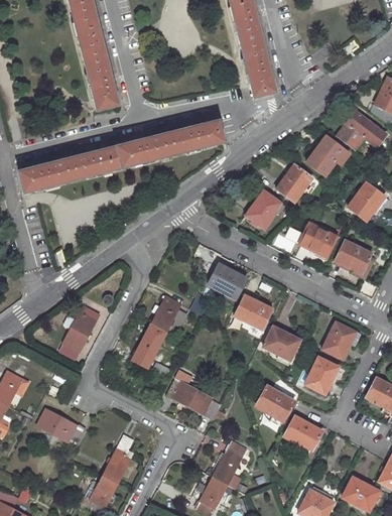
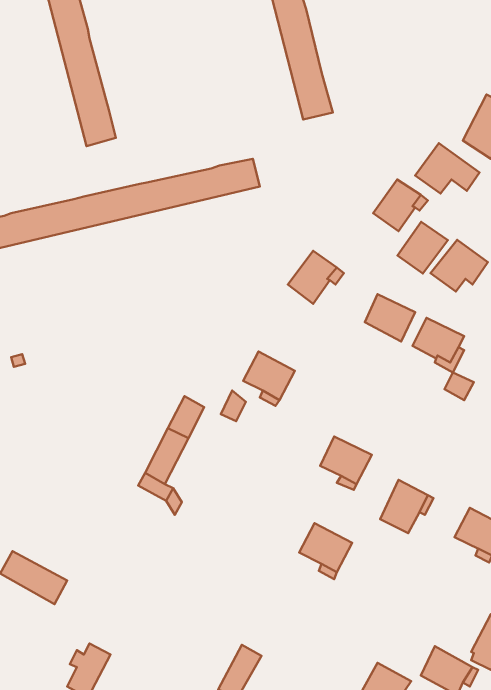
building: [274,165,310,203] -> [397,222,448,274]
building: [239,295,276,334] -> none
building: [57,306,97,360] -> none
building: [328,321,367,359] -> none
building: [164,369,222,419] -> none
building: [282,414,319,452] -> none
building: [101,433,132,482] -> none
building: [211,439,245,483] -> none

